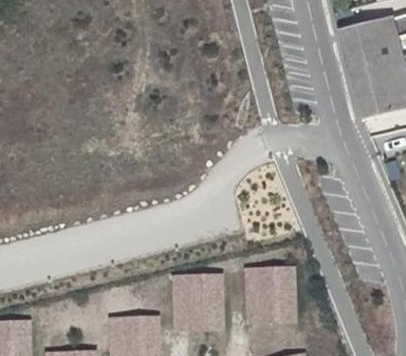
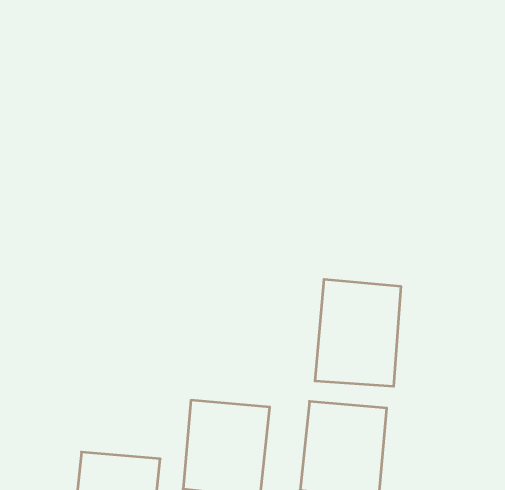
building: none -> [315,279,401,386]

